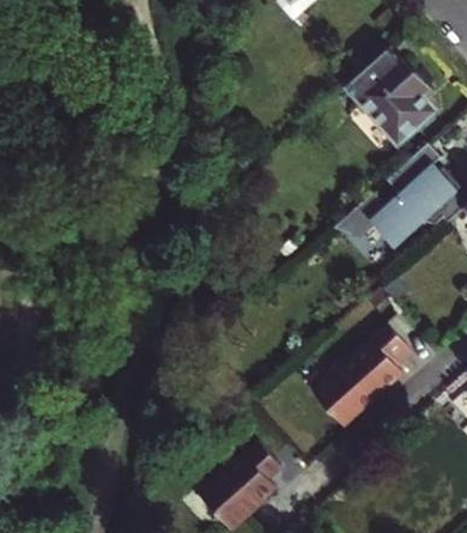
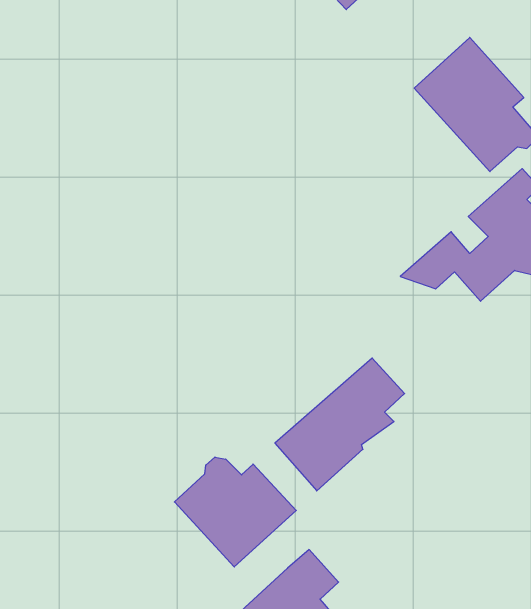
building: [313,327,413,430] -> [275,358,405,491]
building: none -> [174,457,296,567]

